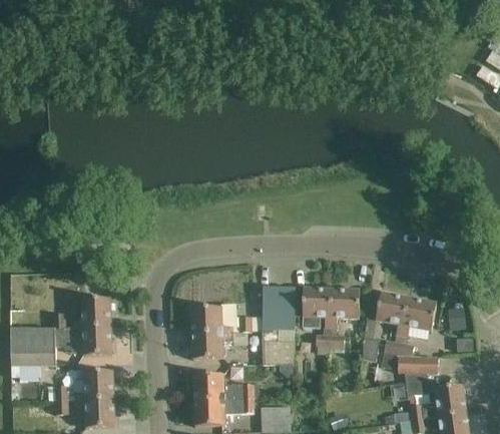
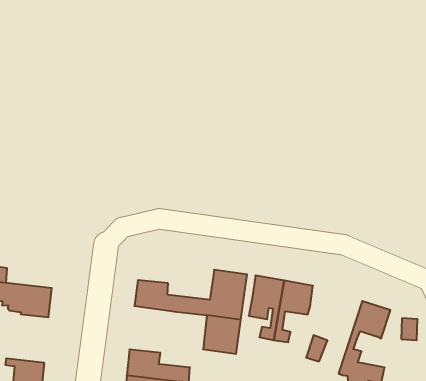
building: [375,292,408,369] -> none
building: [73,298,110,327] -> none
building: [191,332,233,358] -> none
building: [76,370,113,399] -> none

